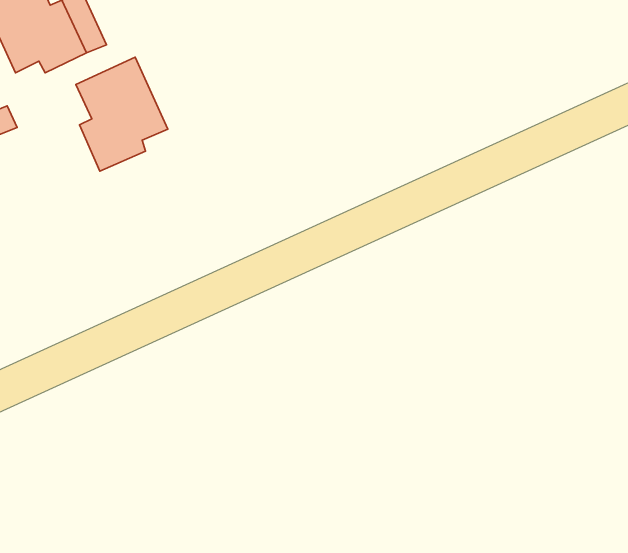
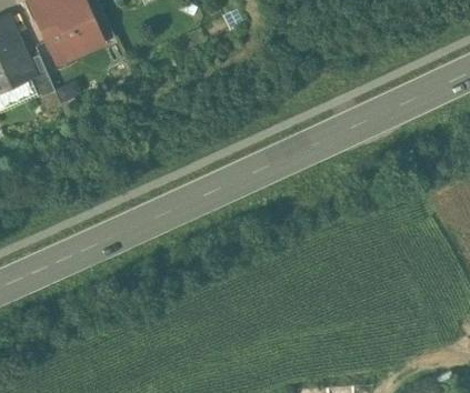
building: [76,57,168,171] -> none

